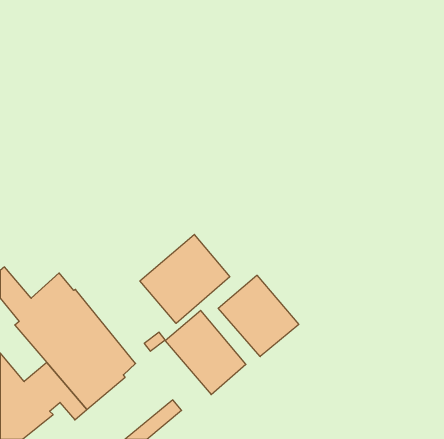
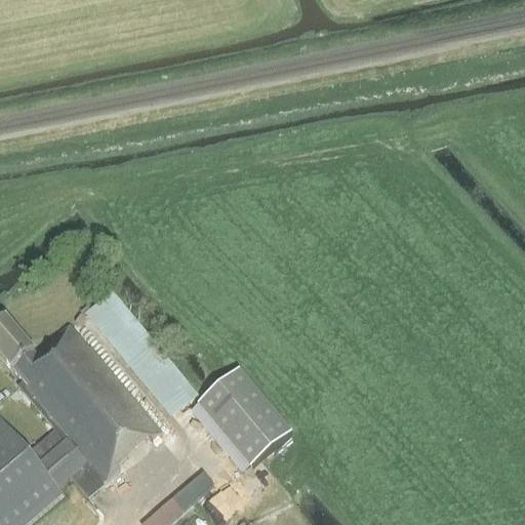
building: [140,234,230,323] -> none
building: [218,275,299,357] -> none

